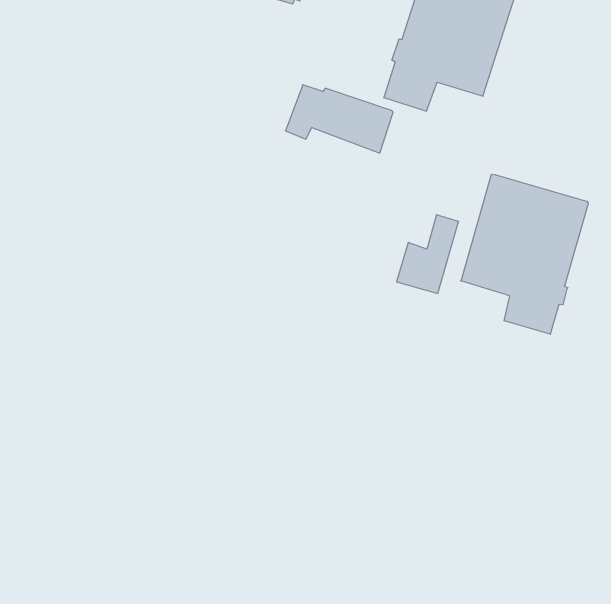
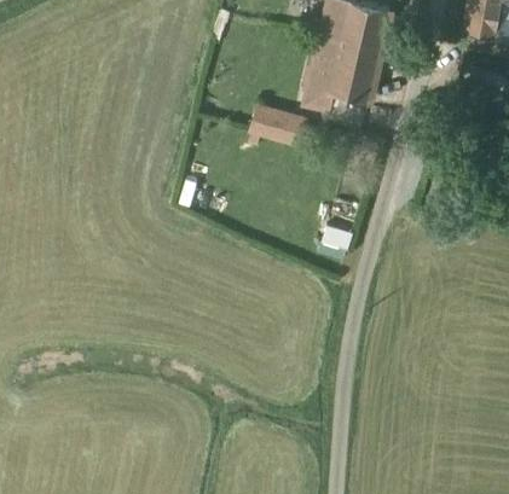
building: [461,174,588,334] -> none

